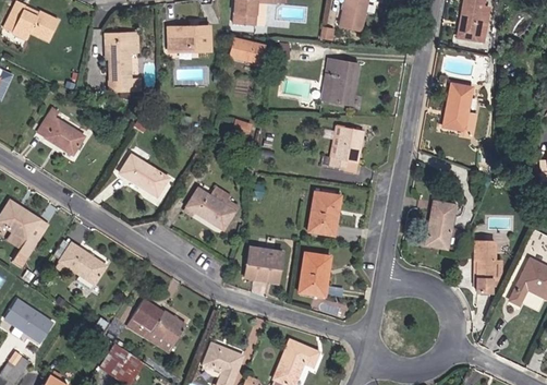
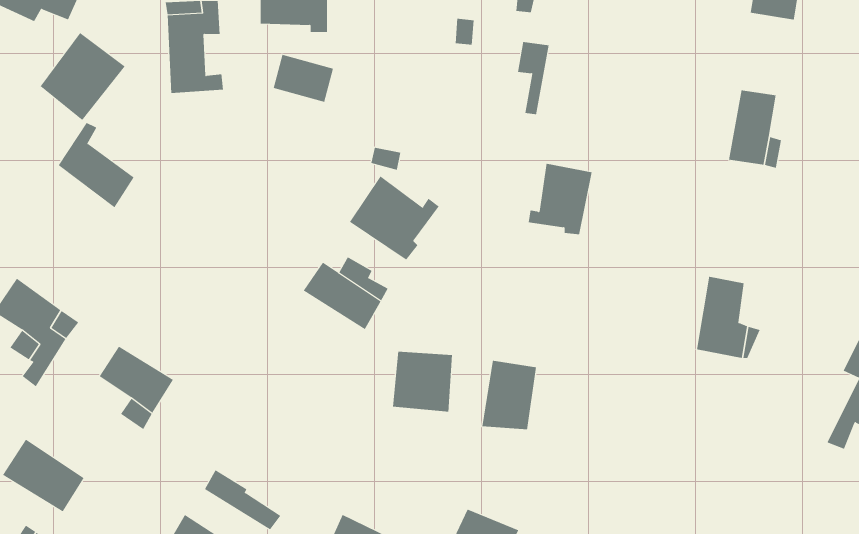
building: [223,35,260,64] -> [273,54,334,103]
building: none -> [40,32,125,121]
building: [330,58,353,103] -> none
building: none -> [349,175,439,260]
building: [119,154,169,197] -> none
building: [306,191,340,230] -> none
building: [475,239,505,291] -> none
building: [134,300,186,345] -> none

